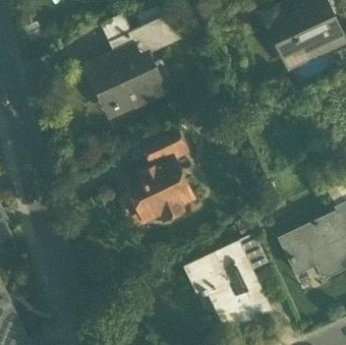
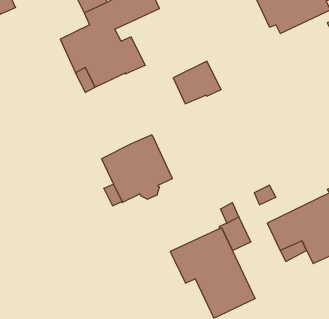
building: [141,125,186,165] -> [173,61,221,104]

